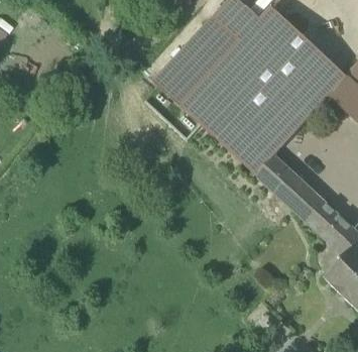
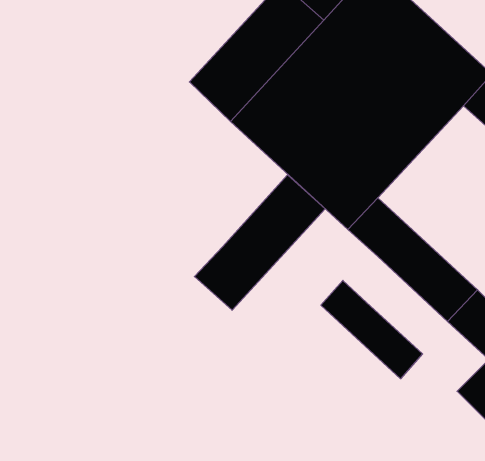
building: none -> [194,175,325,310]
building: none -> [321,280,423,379]

